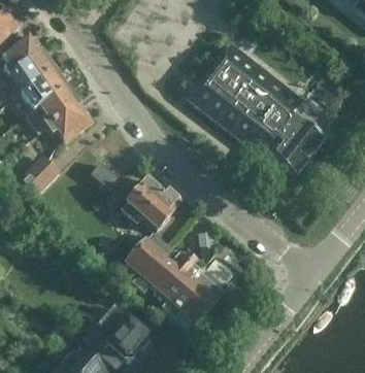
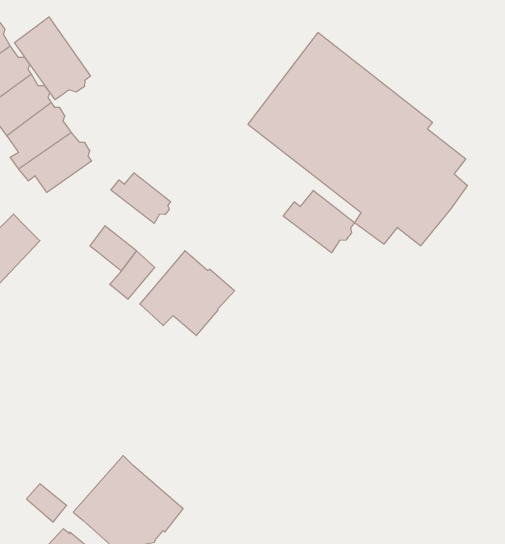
building: none -> [15,17,90,100]
building: none -> [111,173,171,223]
building: none -> [283,190,354,253]
building: [125,234,239,333] -> none

